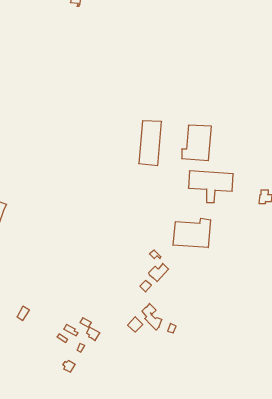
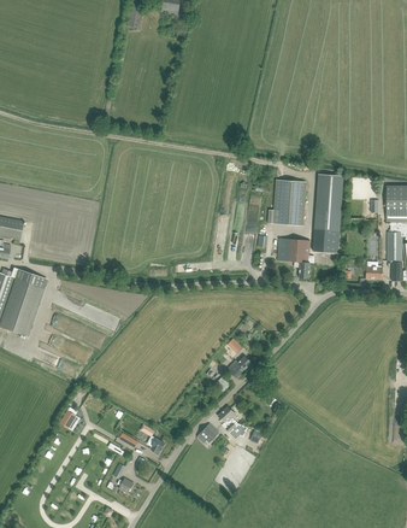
building: [139,121,162,165] -> [314,174,343,230]
building: [173,218,210,248] -> none

